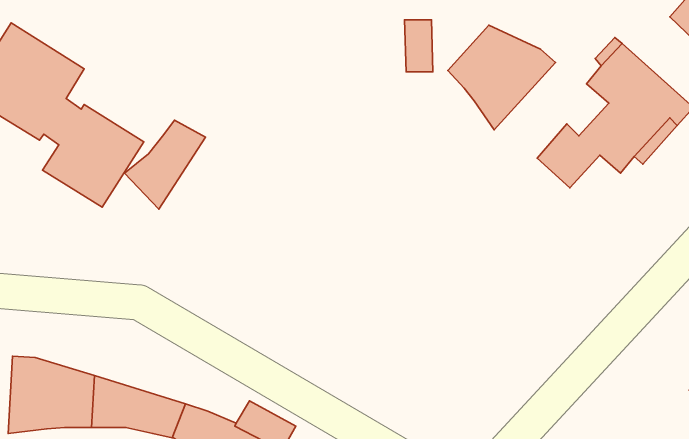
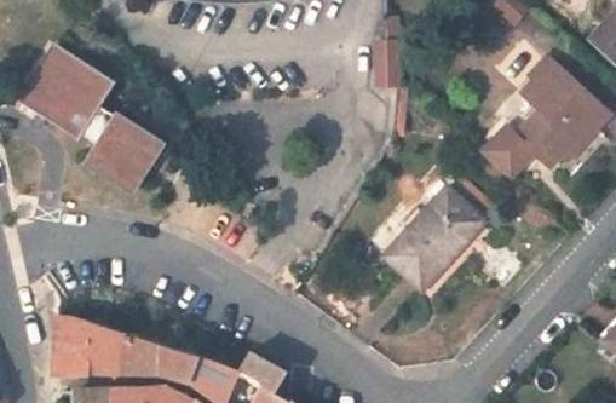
building: [448,25,556,130] -> none
building: [124,120,205,209] -> none
building: none -> [385,177,496,290]

